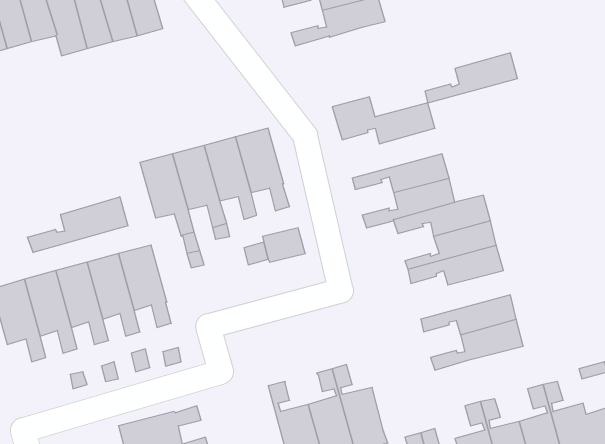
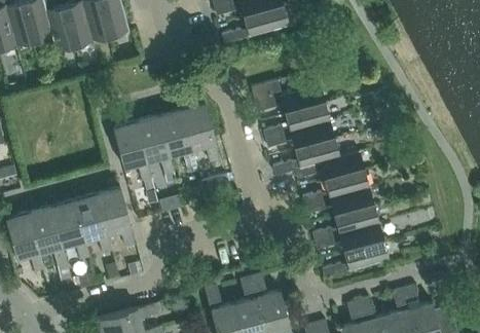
building: [425,53,518,103] -> [263,103,330,139]
building: [27,197,128,253] -> none
building: none -> [312,206,379,240]

